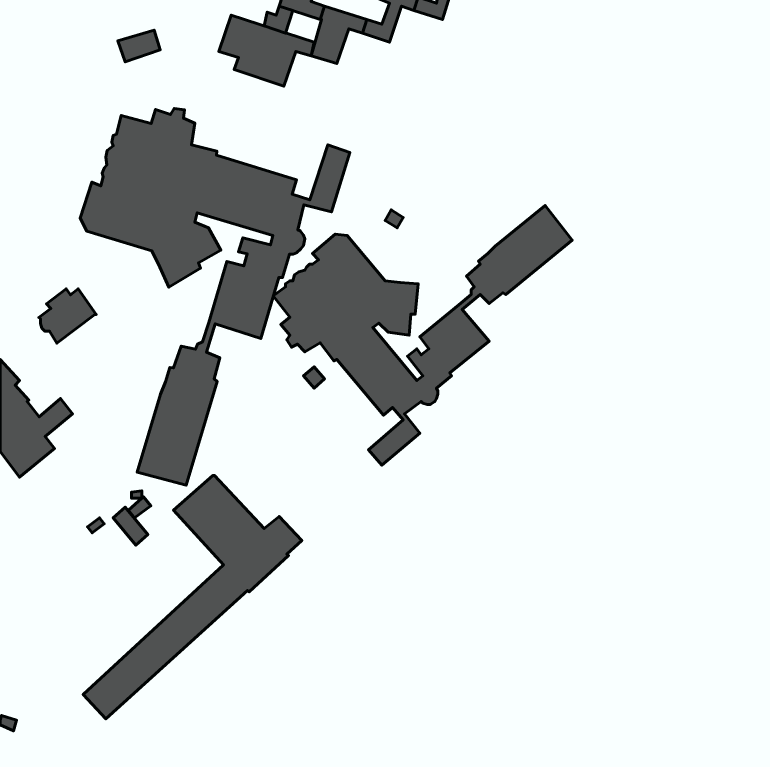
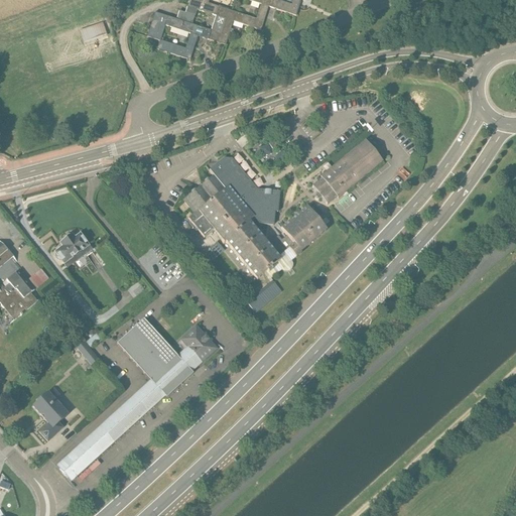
building: [80,109,350,485] -> none
building: [39,289,96,343] -> [54,231,93,267]
building: none -> [180,322,219,361]
building: none -> [32,386,69,439]

